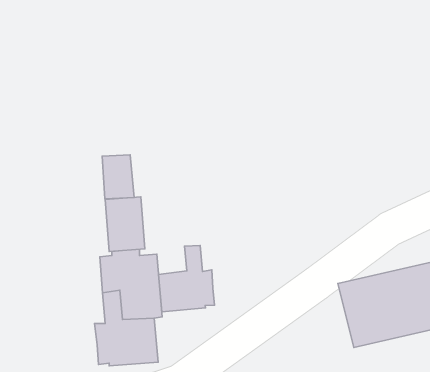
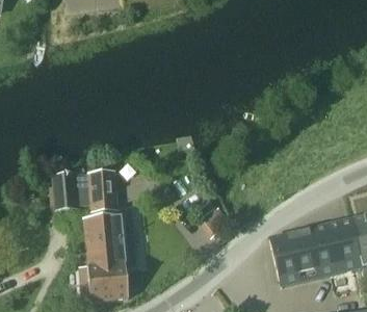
building: [102,155,134,199] -> [53,173,78,207]
building: [159,246,215,312] -> none

